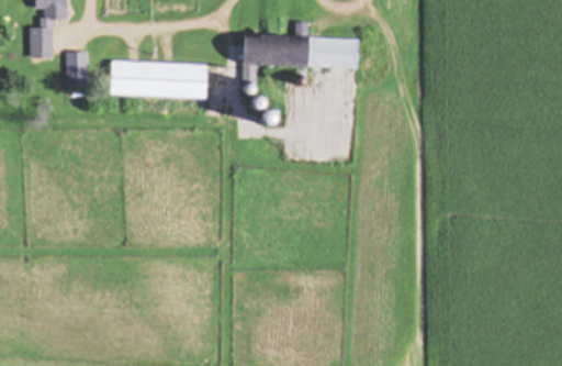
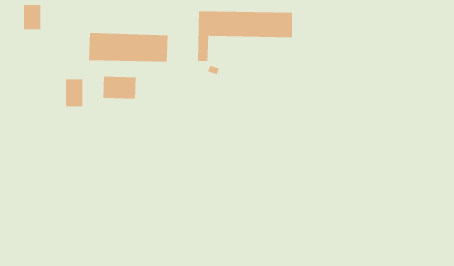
building: [67,52,89,86] -> [65,79,83,107]
building: none -> [103,76,136,99]

